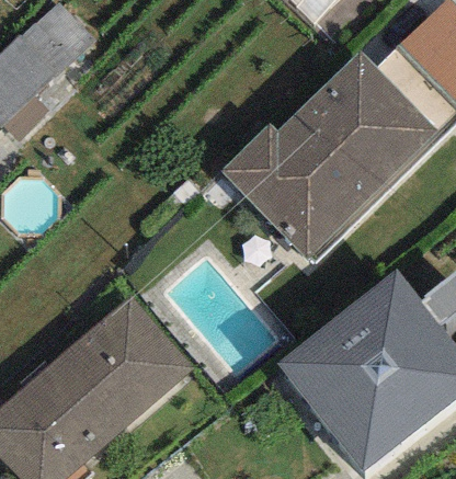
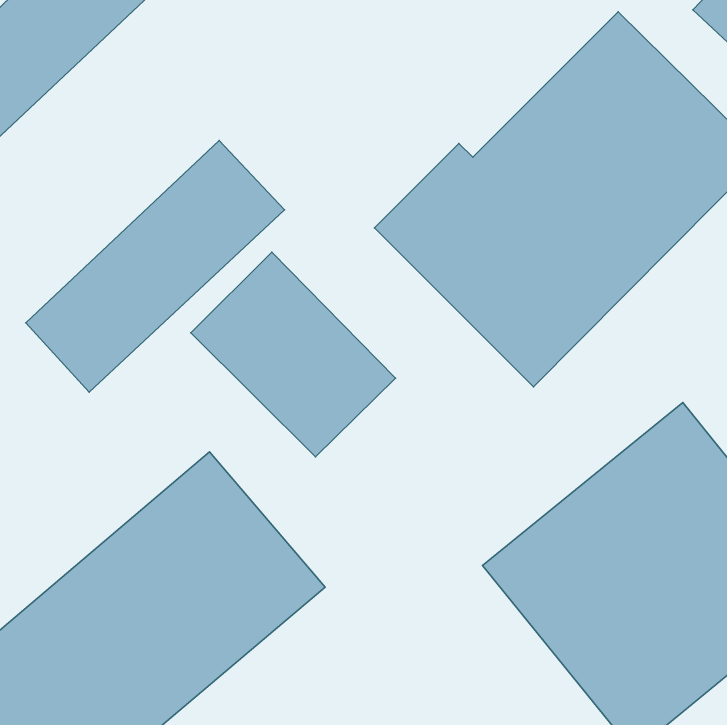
building: none -> [26,140,285,392]
building: none -> [191,252,396,457]

